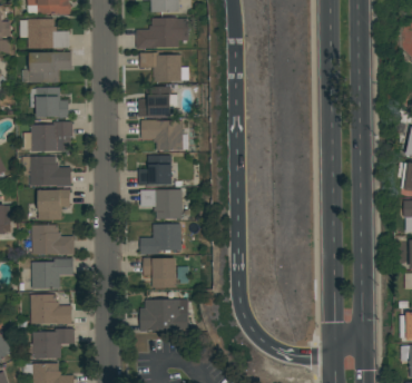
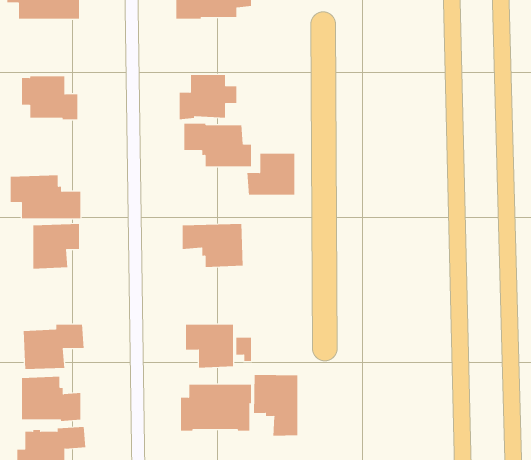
building: [30,52,72,84] -> none
building: [139,52,182,82] -> none
building: [23,121,72,151] -> none
building: [138,156,171,185] -> [246,153,295,195]
building: [140,224,182,255] -> none
building: [31,225,75,255] -> none
building: none -> [254,374,298,436]

